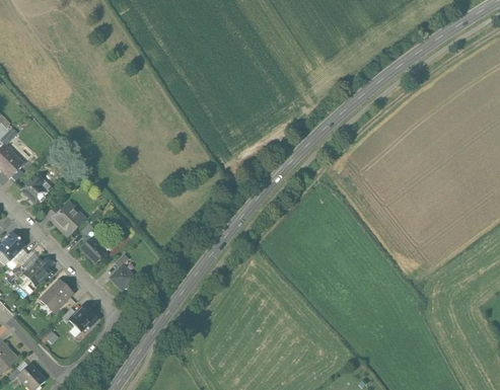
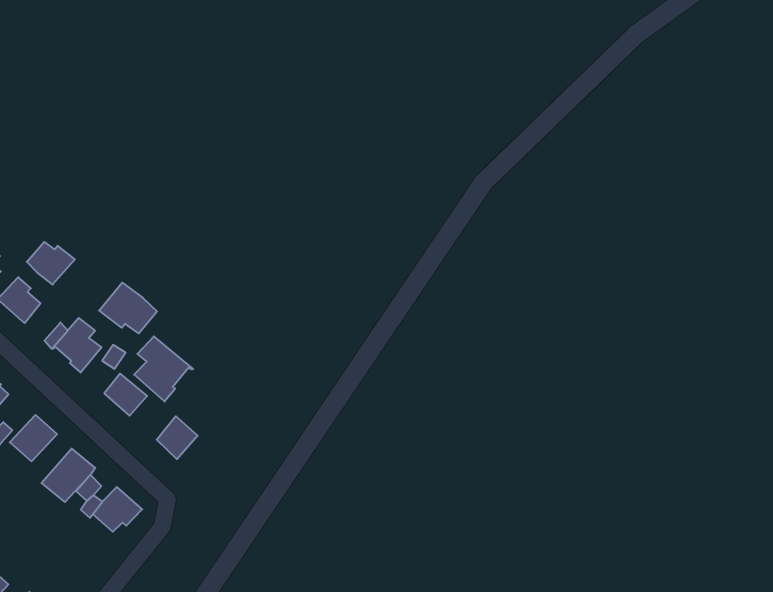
building: none -> [27,242,75,285]
building: none -> [99,283,157,333]
building: none -> [134,336,193,402]

